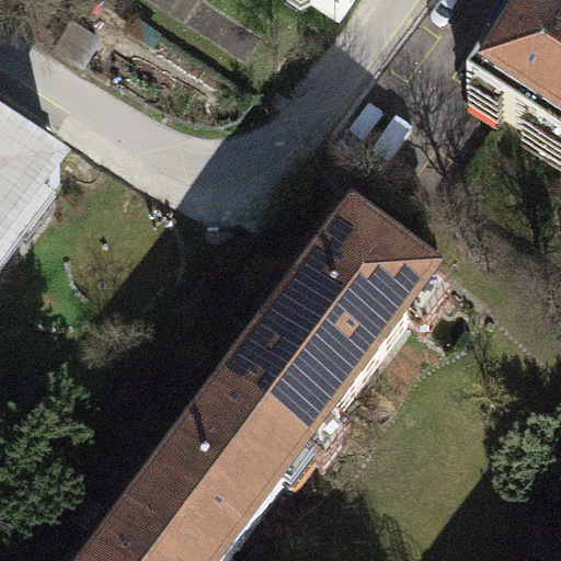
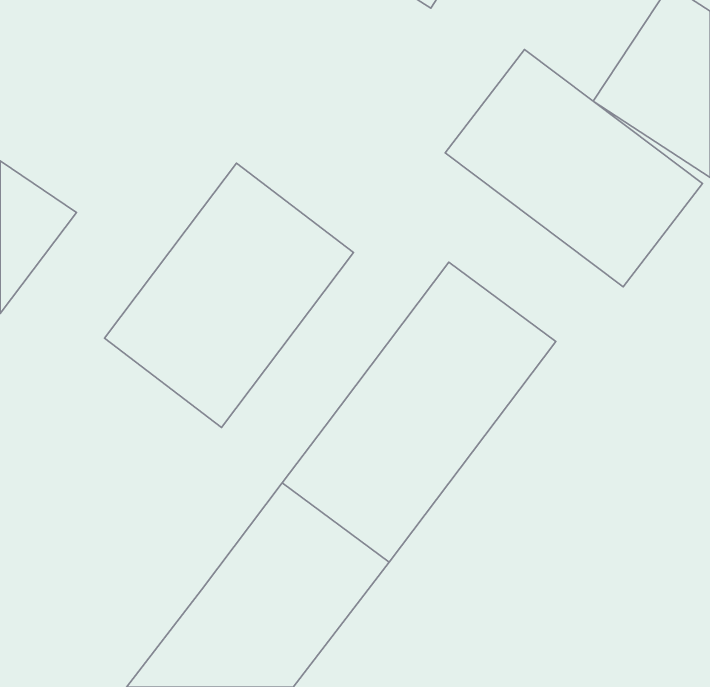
building: none -> [445,49,702,287]
building: none -> [104,163,354,428]

